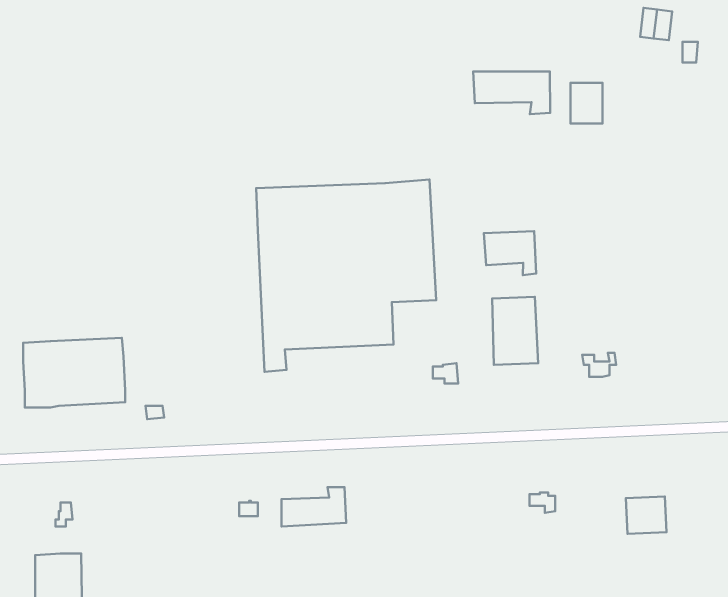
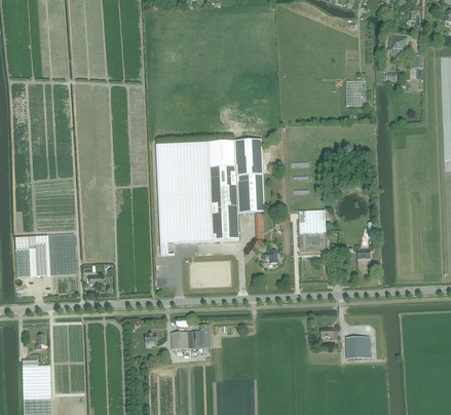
building: [473,71,550,114] -> none
building: [484,231,536,275] -> none
building: [626,496,667,534] -> [346,336,371,359]

